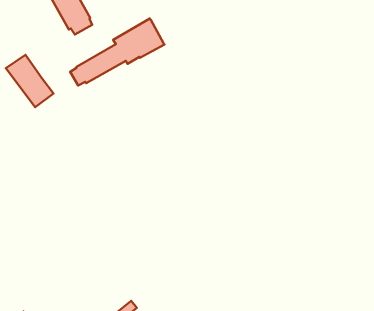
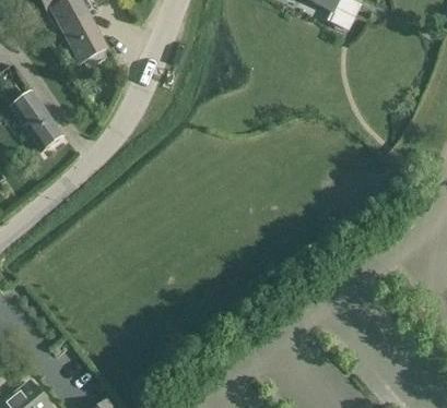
building: [70,19,165,85] -> none

